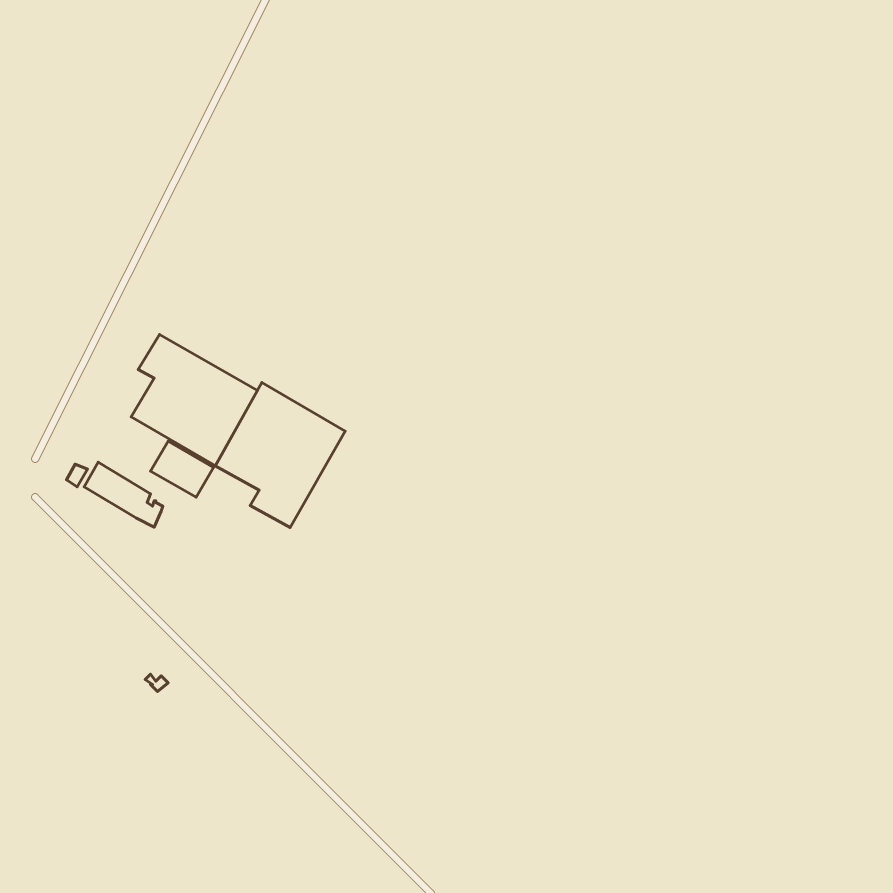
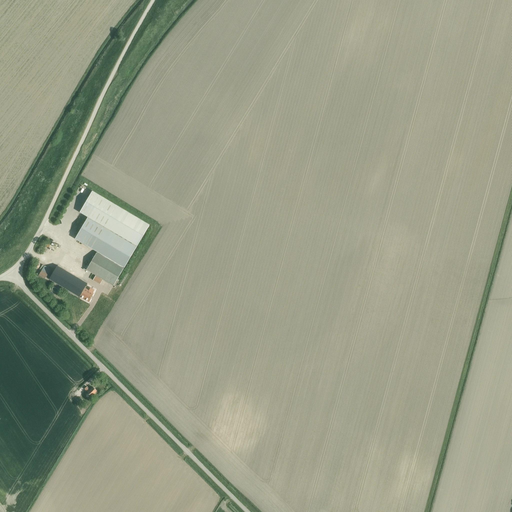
building: [215,383,345,527] -> none

